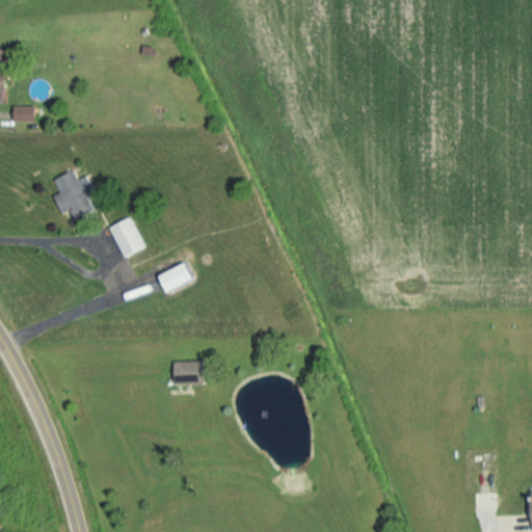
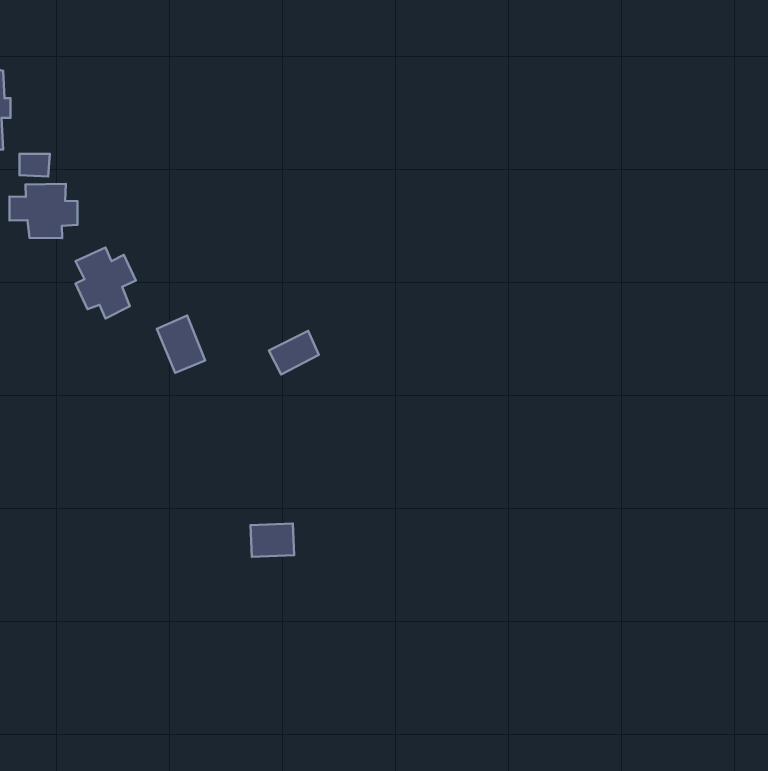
building: none -> [9,184,78,238]
building: [159,262,193,292] -> [269,331,319,374]

